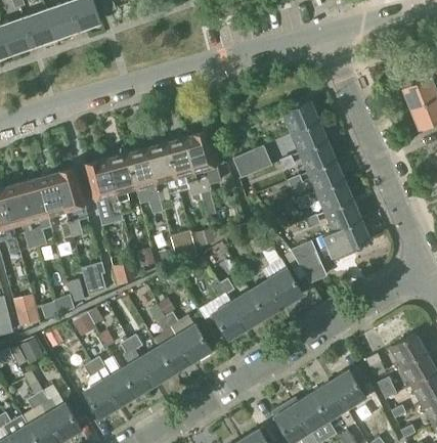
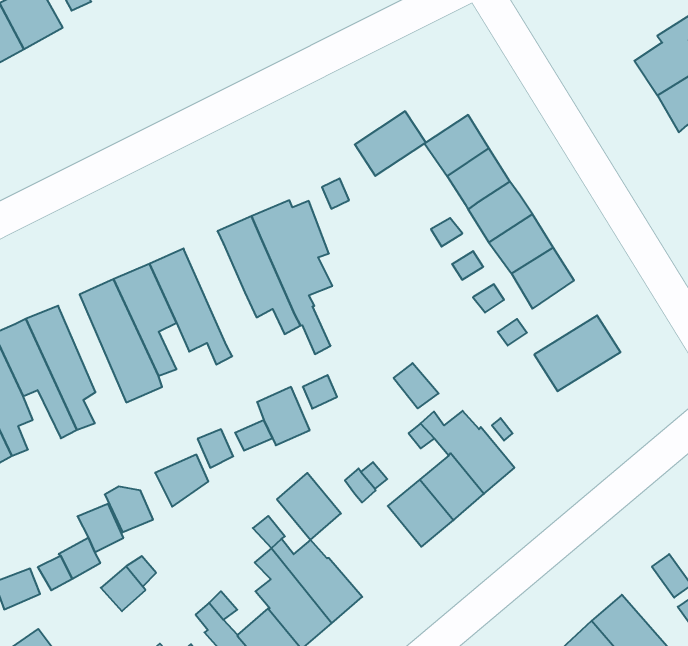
building: [145,142,178,204] -> none
building: [232,145,270,177] -> [355,111,426,176]
building: [325,200,359,230] -> none
building: [291,239,325,281] -> none
building: [213,303,246,339] -> [277,473,341,540]

